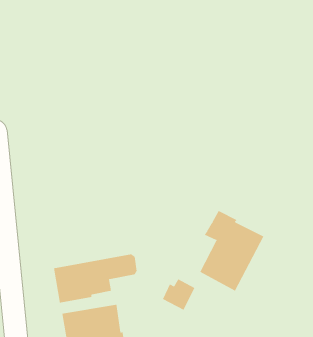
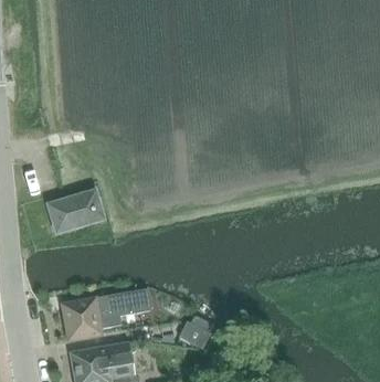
building: none -> [49,190,103,233]
building: [200,210,264,291] -> none

